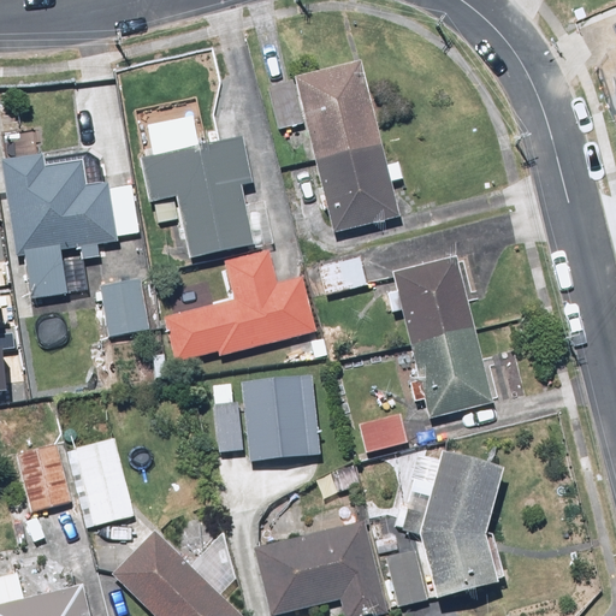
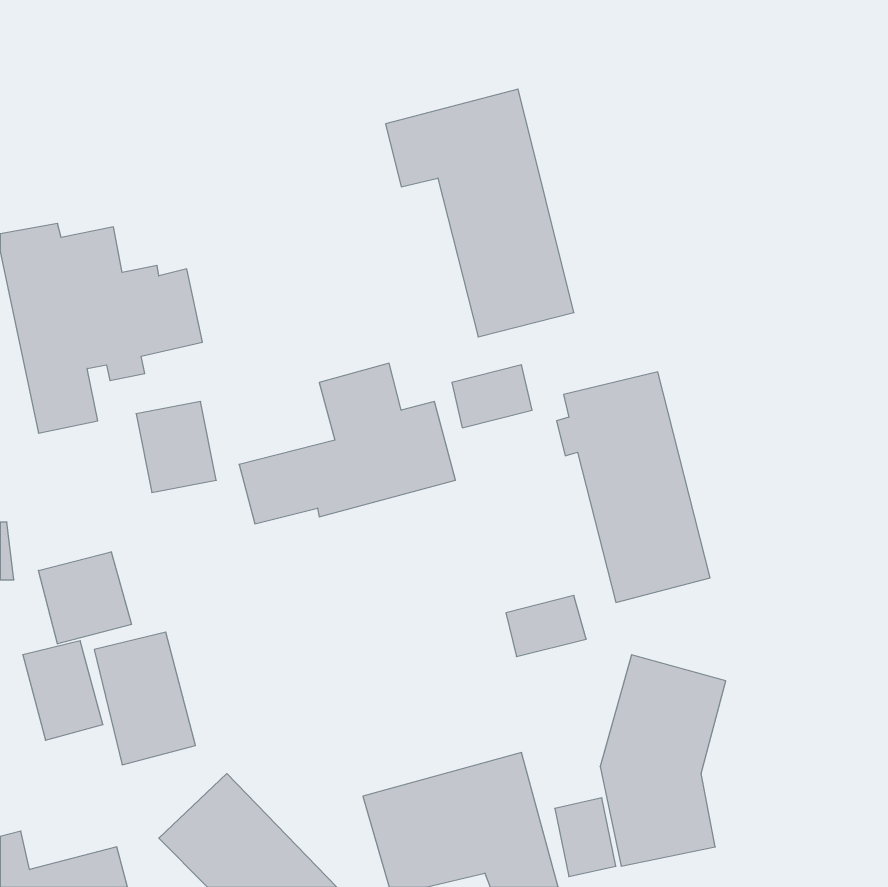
building: [140,135,255,259] -> none
building: [239,369,320,464] -> none
building: none -> [38,552,131,644]

